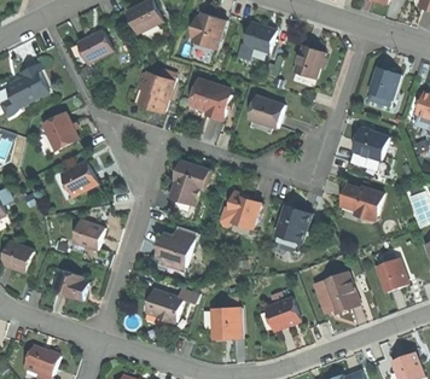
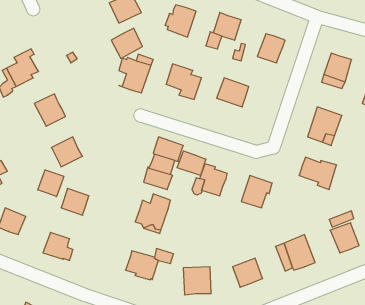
building: [76,29,111,63] -> [111,28,142,58]
building: none -> [177,151,206,175]
building: none -> [38,170,64,197]

